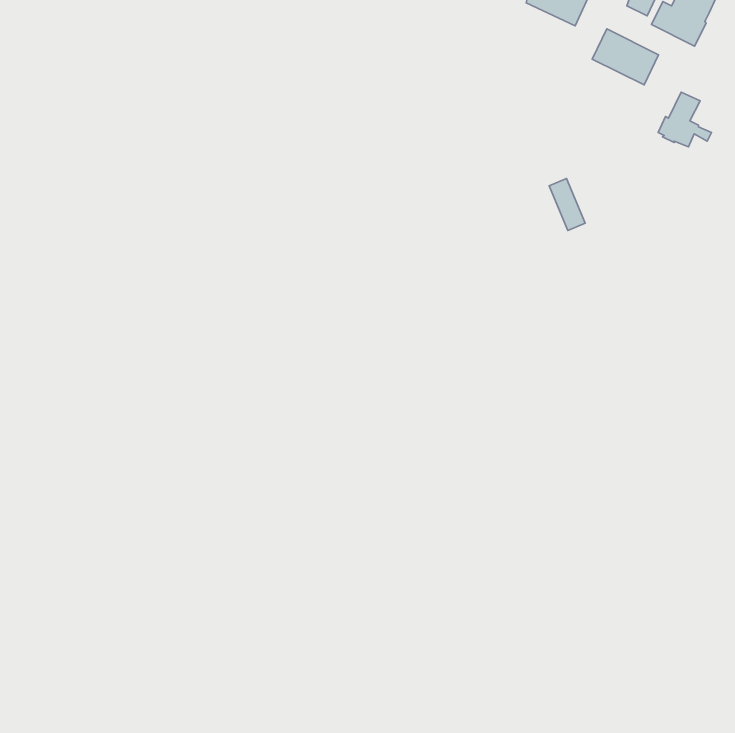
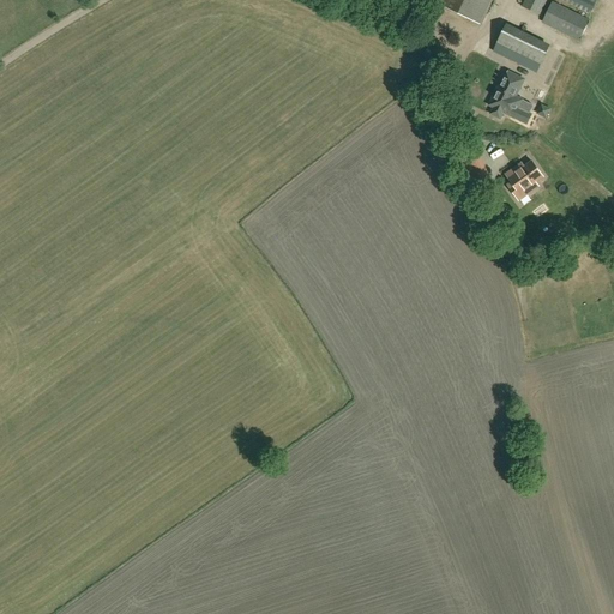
building: [658,92,712,147] -> [488,70,532,115]
building: none -> [507,159,542,194]

